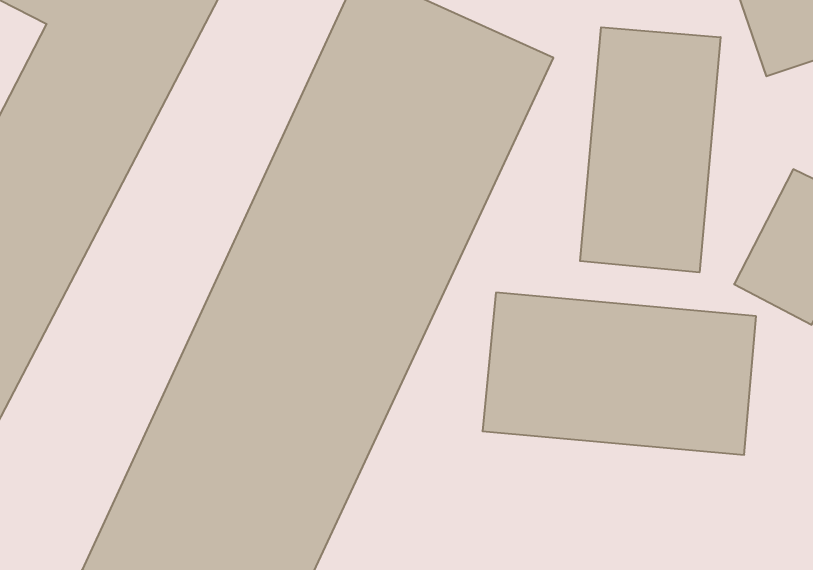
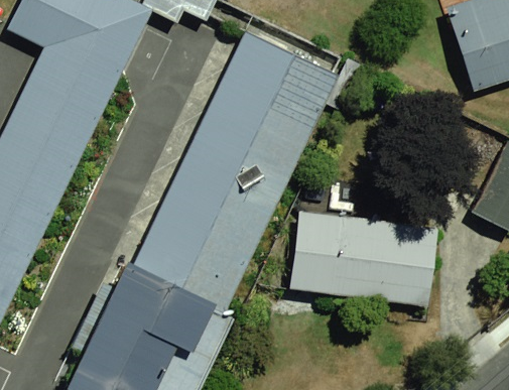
building: [580,27,721,272] -> none

